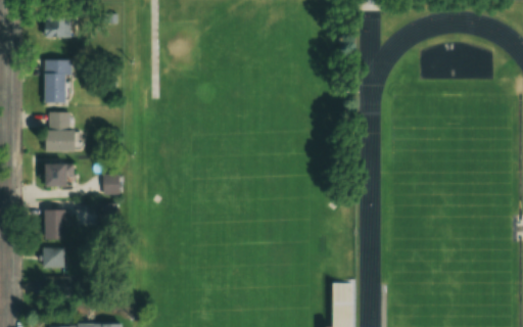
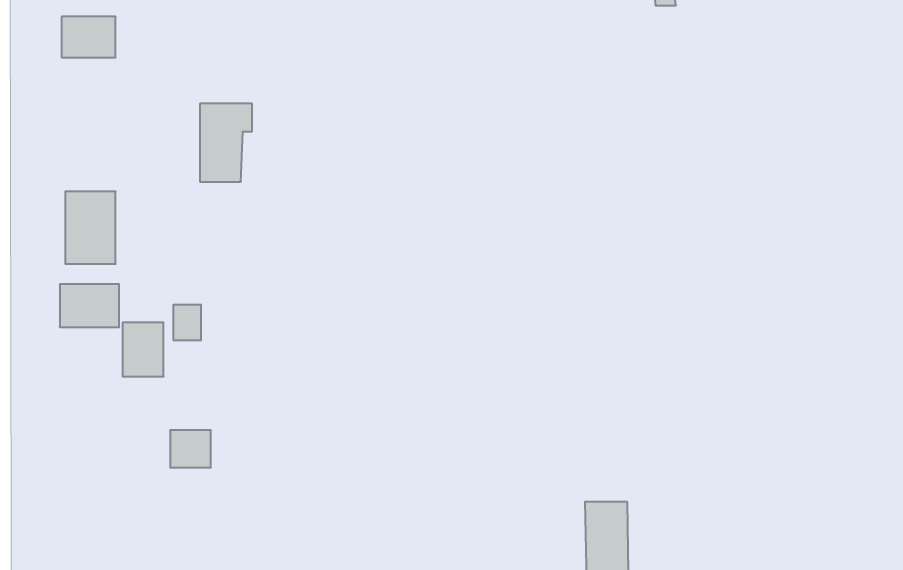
building: [45,59,74,102] -> [200,104,252,182]
building: [45,209,67,239] -> [123,323,164,377]
building: [43,247,65,268] -> [170,430,211,467]

